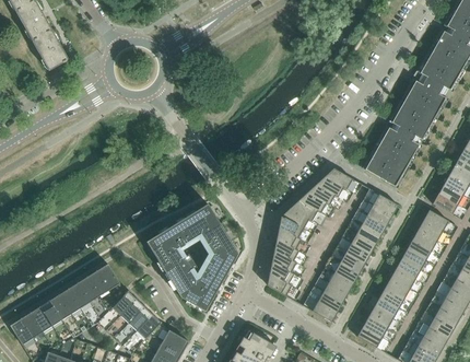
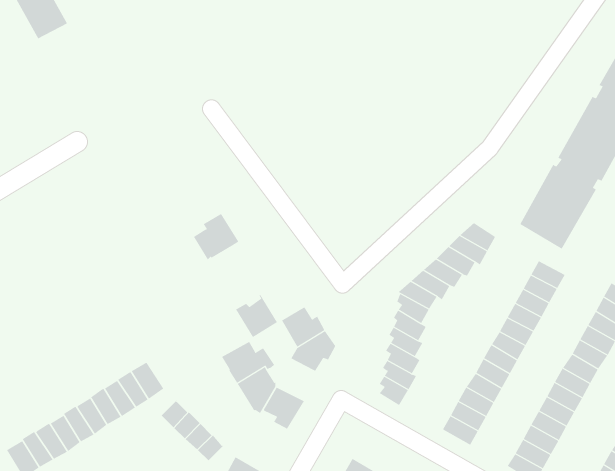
building: [32,30,69,70] -> none
building: [186,203,220,236] -> [190,213,239,261]
building: [146,227,180,260] -> none
building: [196,261,227,291] -> none

